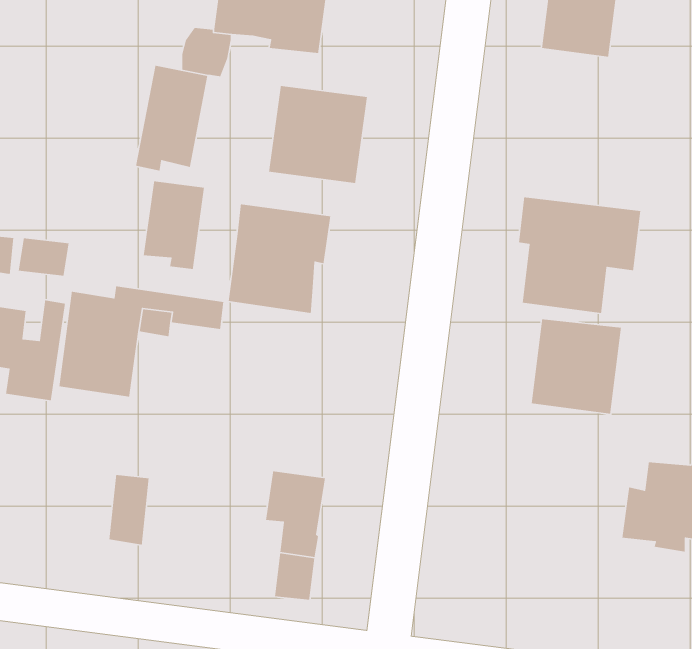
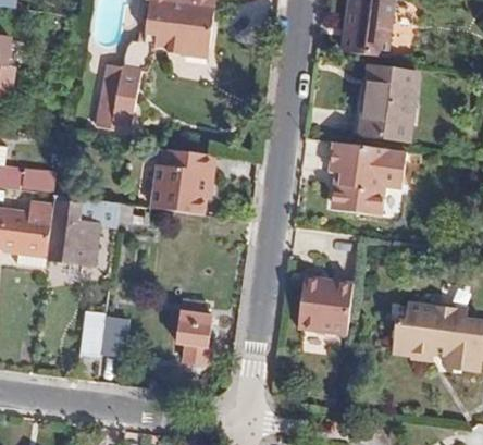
building: none -> [359,65,419,141]
building: [268,85,368,184] -> none
building: [143,181,205,270] -> none
building: [531,318,622,415] -> [296,276,351,335]
building: none -> [96,316,127,385]

